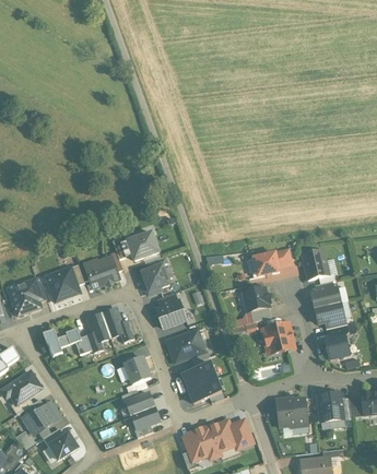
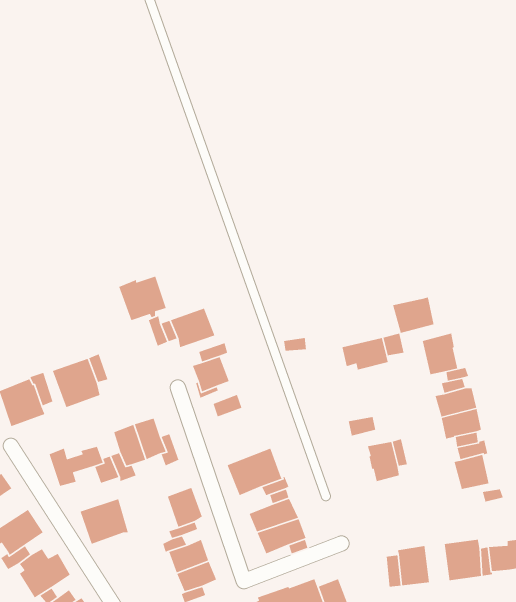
building: none -> [392,297,435,334]
building: [84,254,118,286] -> [118,276,167,321]
building: [241,287,269,311] -> none
building: [156,300,186,328] -> none
building: none -> [79,498,129,545]

